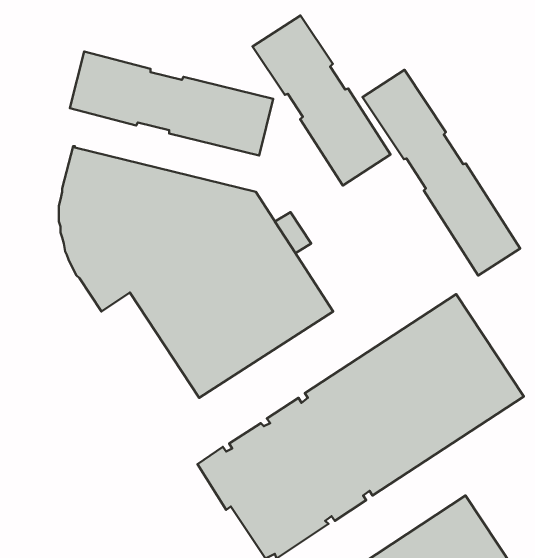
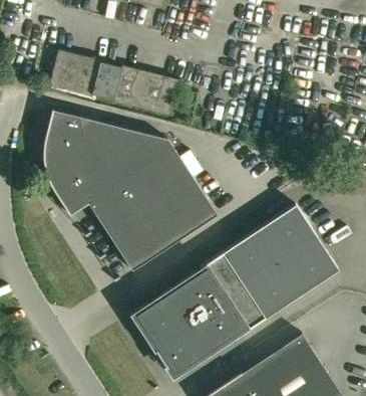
building: [253,16,390,185] -> none
building: [363,70,520,276] -> none

